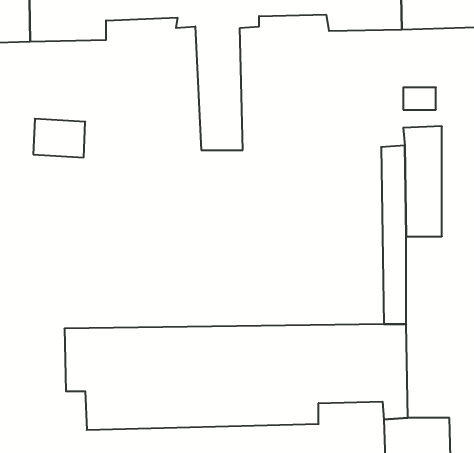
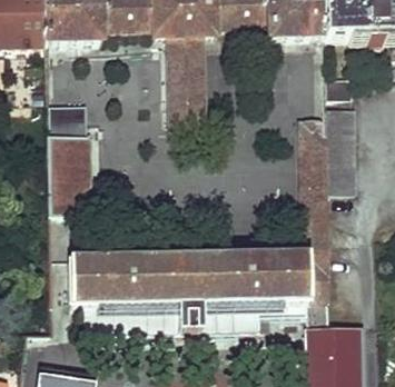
building: none -> [48,135,90,215]

